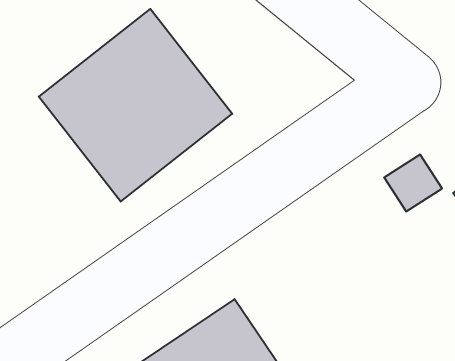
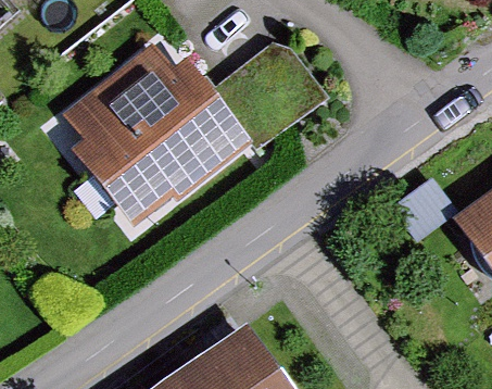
building: none -> [206,35,325,151]

